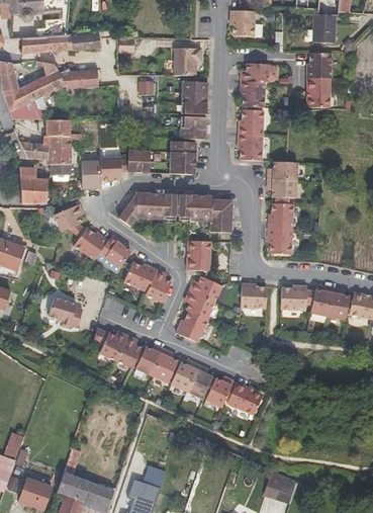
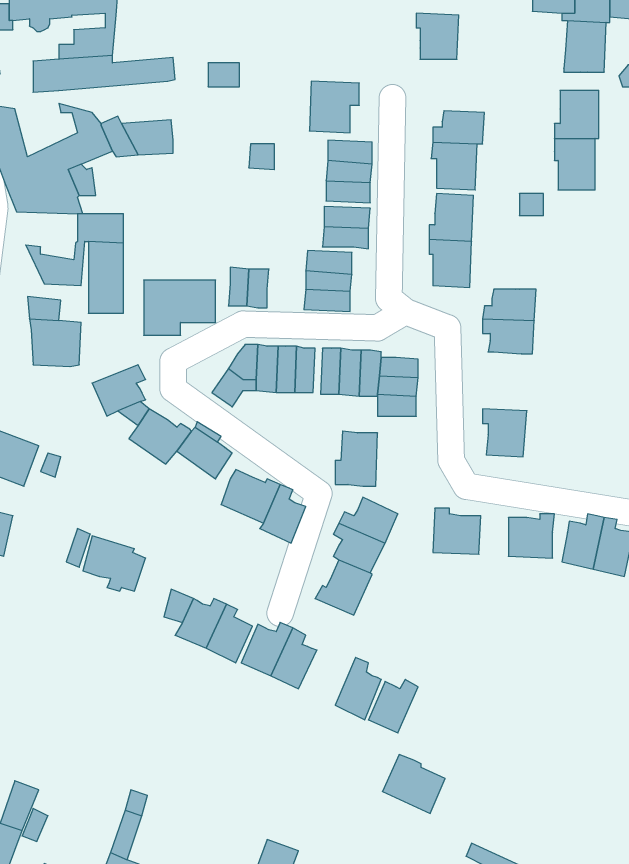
building: [268,202,293,229] -> none
building: [171,361,198,391] -> none
building: [226,381,261,414] -> [382,755,445,813]

